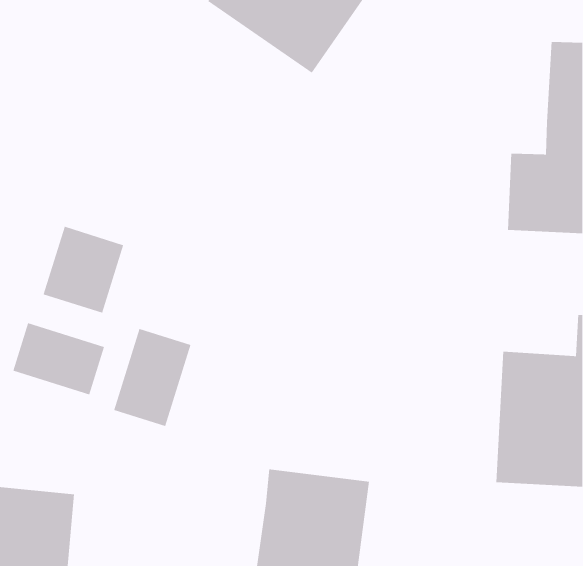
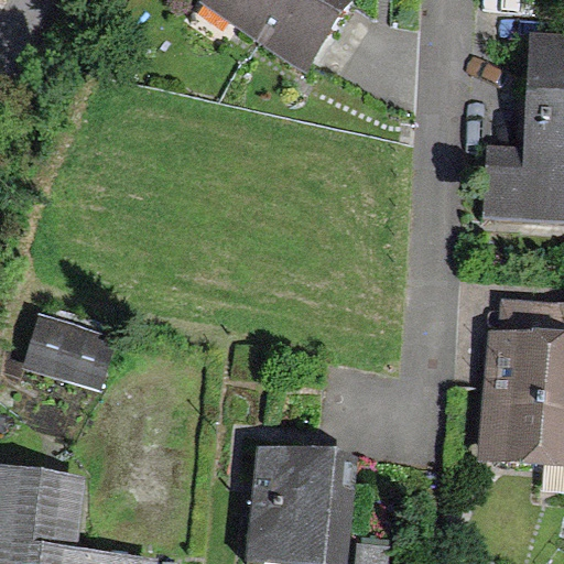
building: [43,226,124,314] -> none
building: [114,328,191,427] -> none

